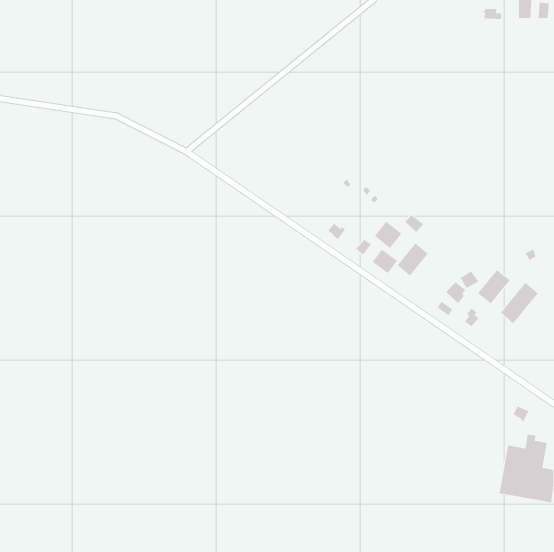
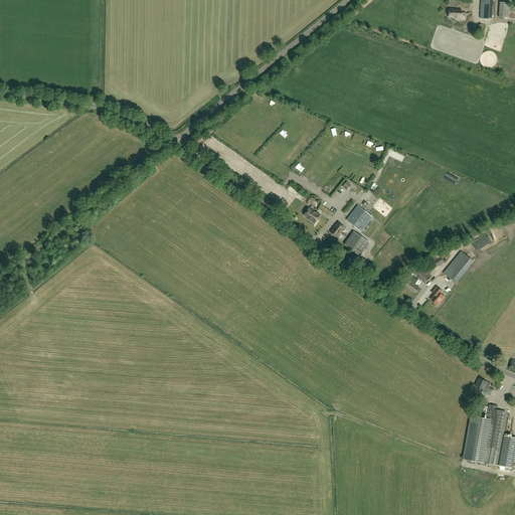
building: [397,242,428,277] -> none
building: [500,282,539,324] -> none

